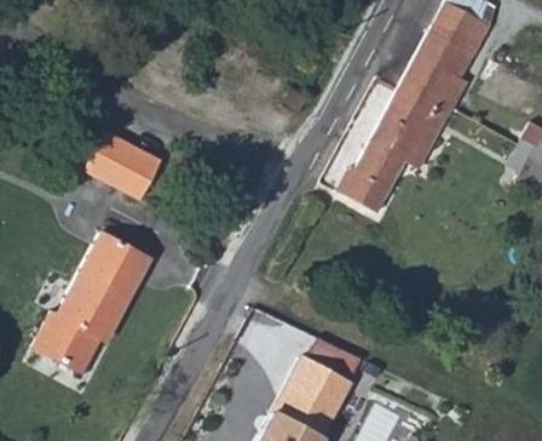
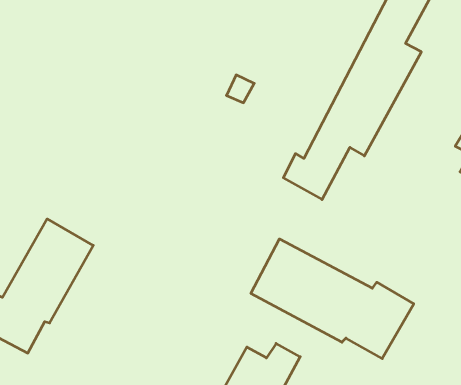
building: [86,127,163,197] -> none
building: none -> [251,239,414,359]

